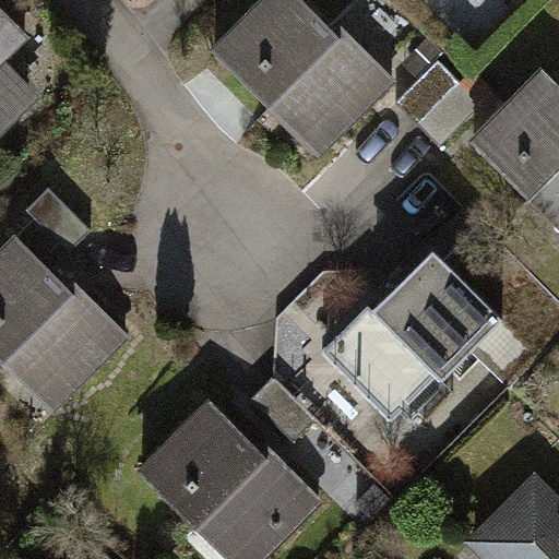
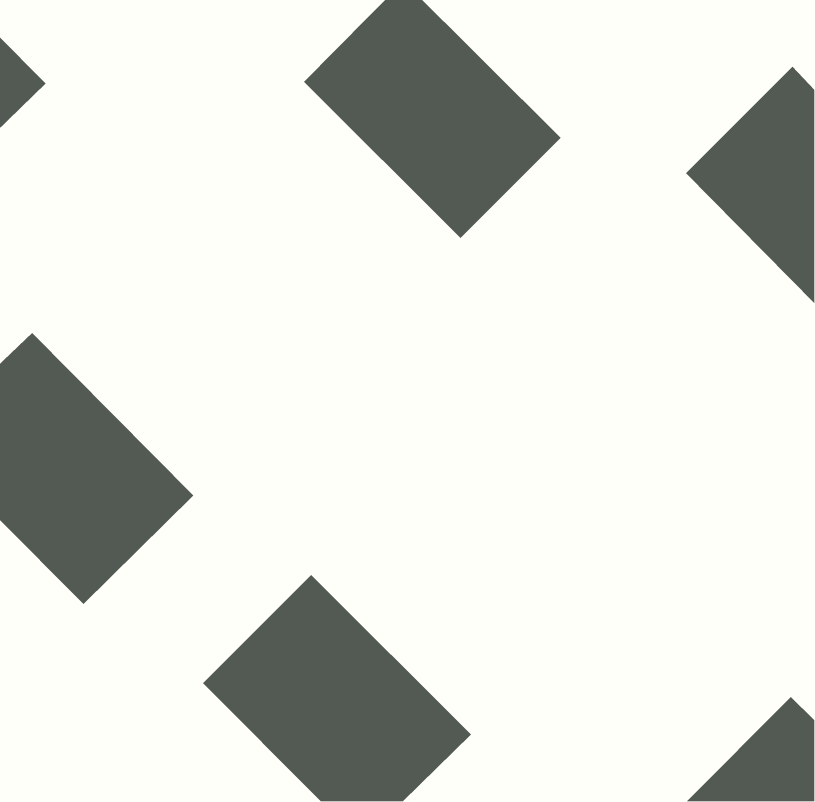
building: [318,255,500,437] -> none

